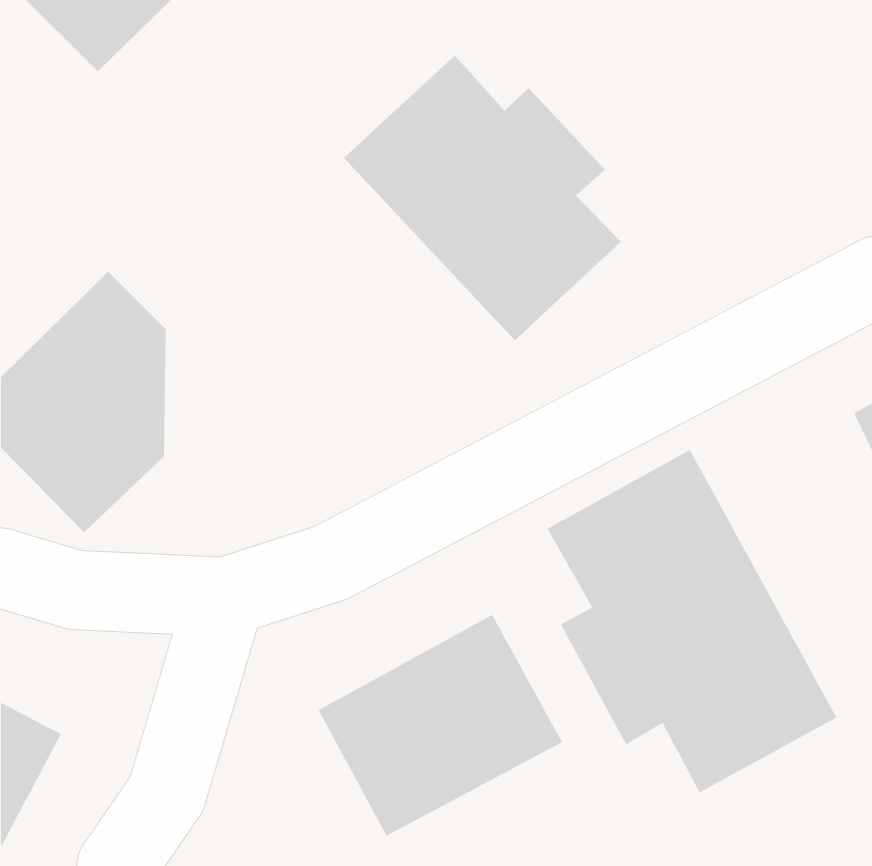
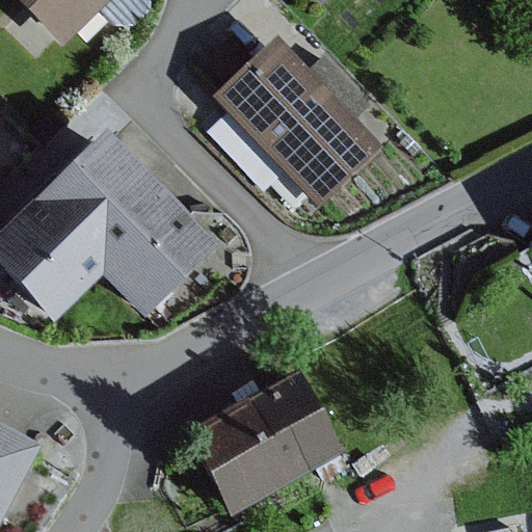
building: none -> [69,129,221,320]
building: [547,449,837,793] -> none

